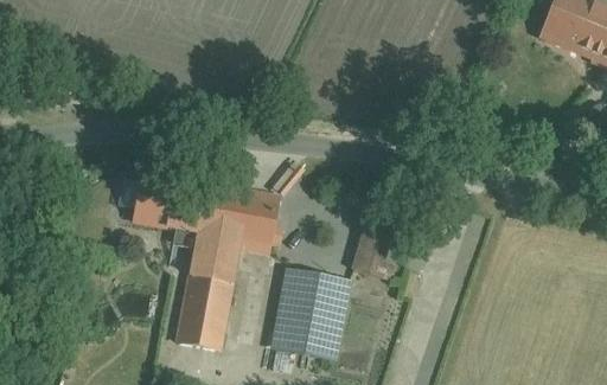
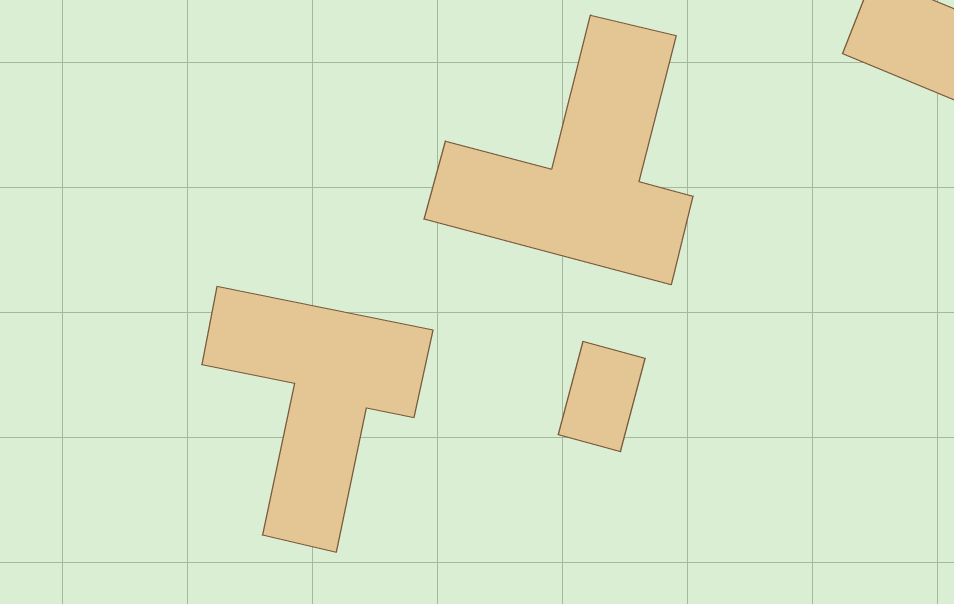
building: none -> [424,15,693,285]
building: [275,276,354,358] -> none

